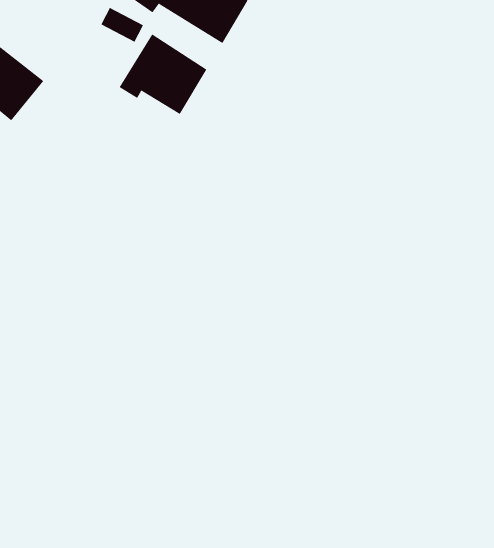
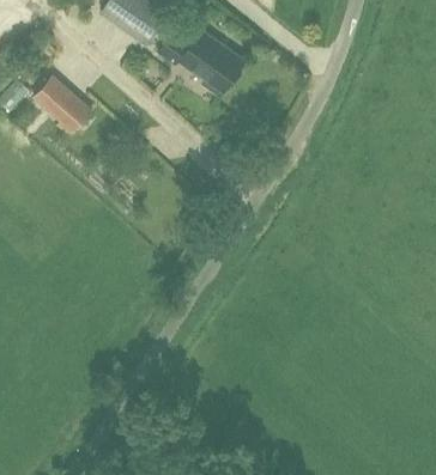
building: [119,34,207,115] -> none

